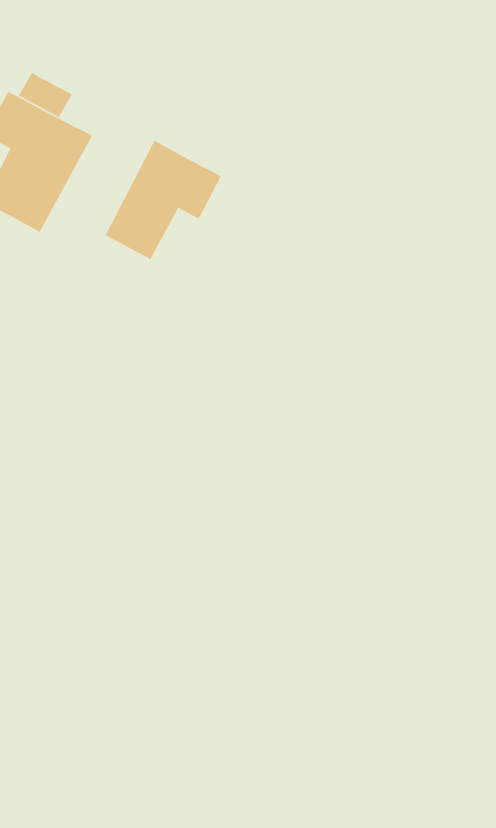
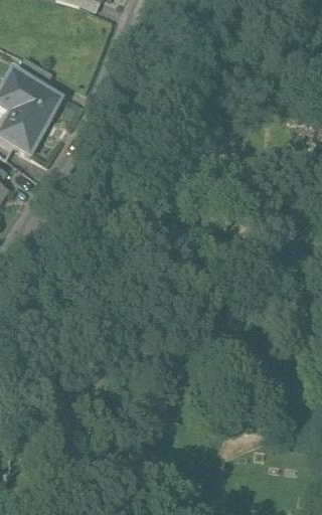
building: [105,140,222,260] -> none

